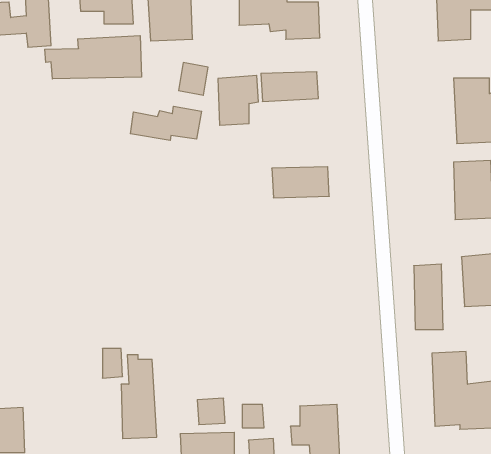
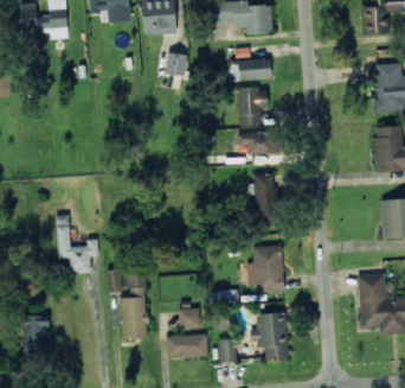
building: [45,36,141,79] -> none
building: [218,75,258,125] -> [237,87,268,125]
building: [130,106,202,140] -> none
building: [414,264,443,329] -> [255,173,277,223]
building: none -> [57,214,97,272]
building: none -> [246,244,284,292]

